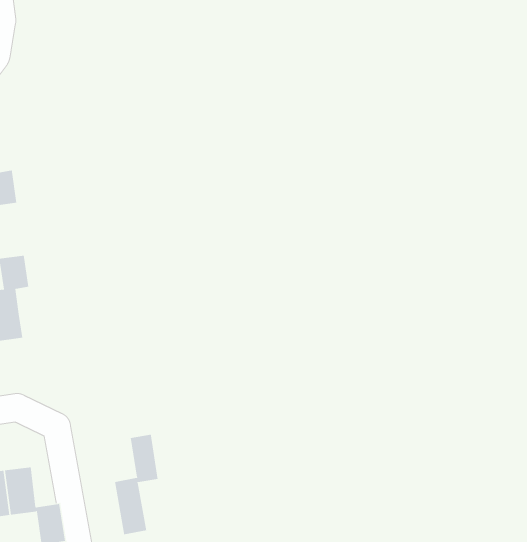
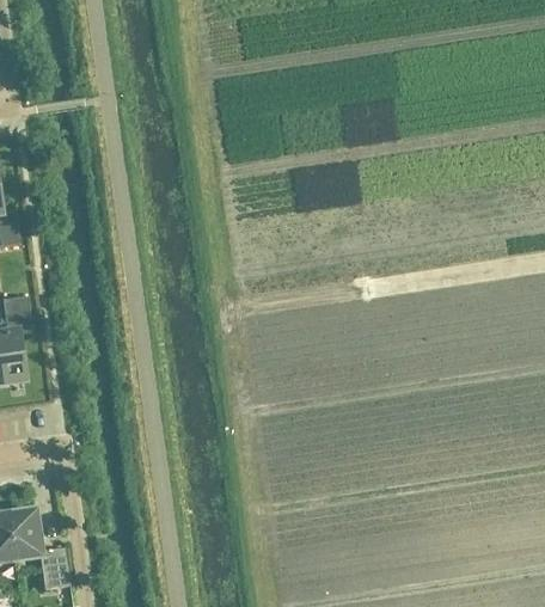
building: [115,434,158,535] -> none

